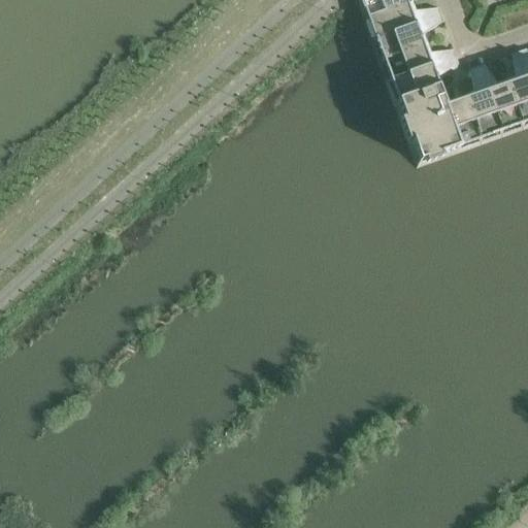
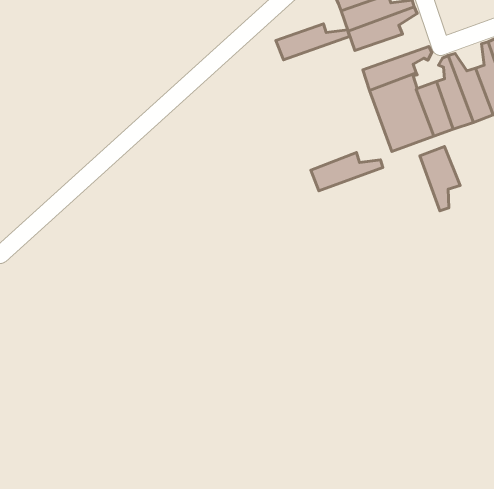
building: [380,36,458,74] -> [276,24,350,60]
building: none -> [420,147,460,211]
building: none -> [311,152,383,191]

